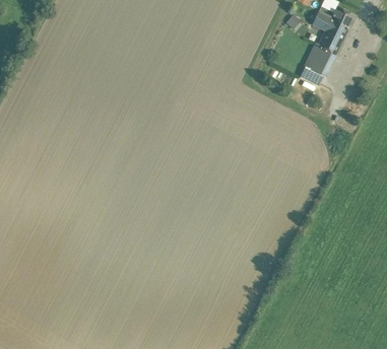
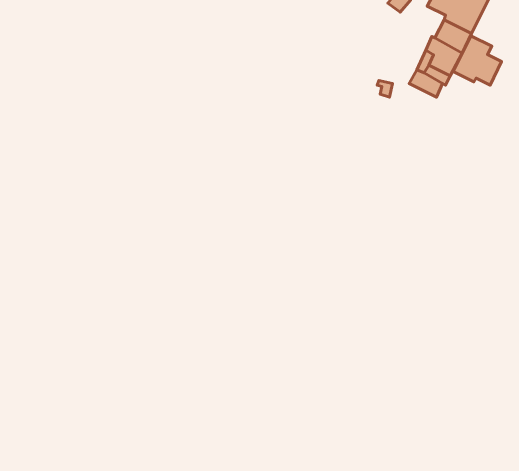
building: none -> [453,36,502,85]

